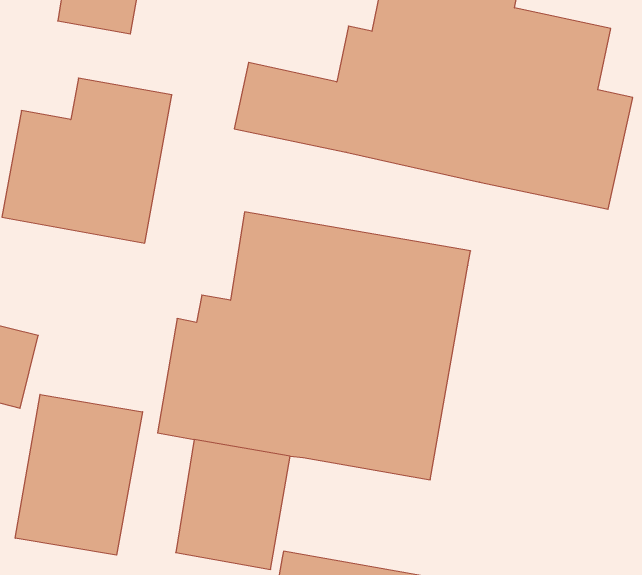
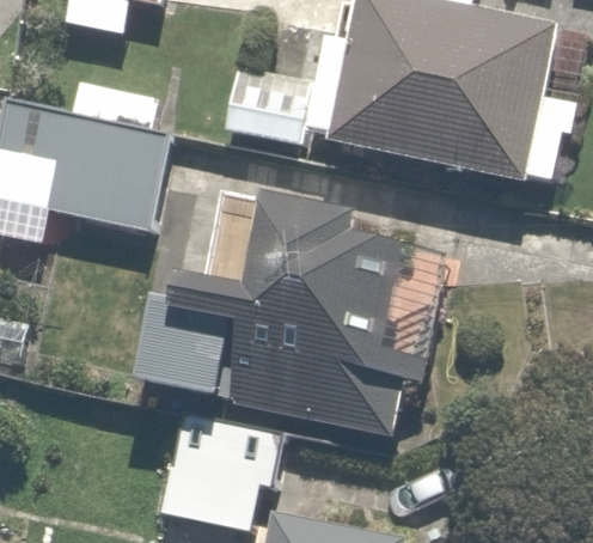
building: [15,394,143,555] -> none

